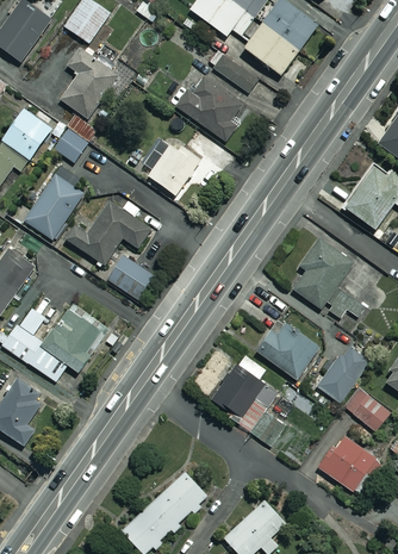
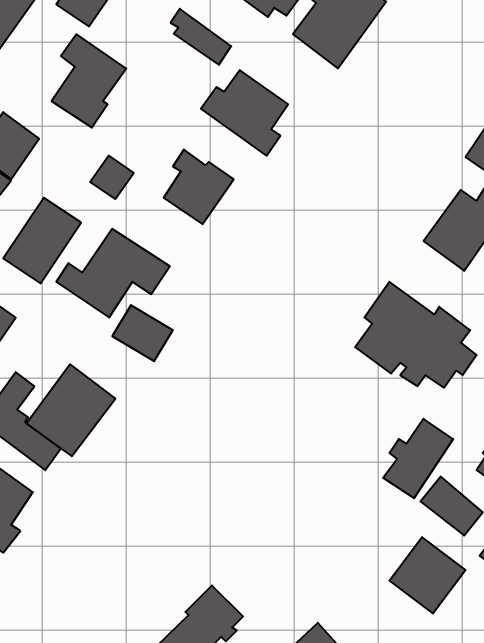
building: [211,50,257,93] -> [171,9,231,65]
building: [55,129,88,162] -> [90,156,134,199]
building: [256,317,319,379] -> none
building: [212,354,284,443] -> none

